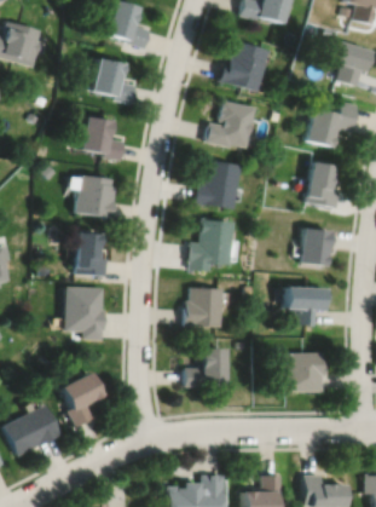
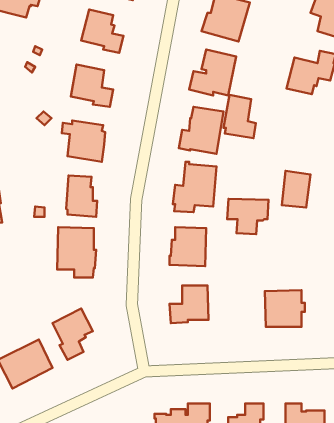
building: [307,161,341,207] -> [224,95,256,138]
building: [285,288,329,325] -> [227,199,269,234]

